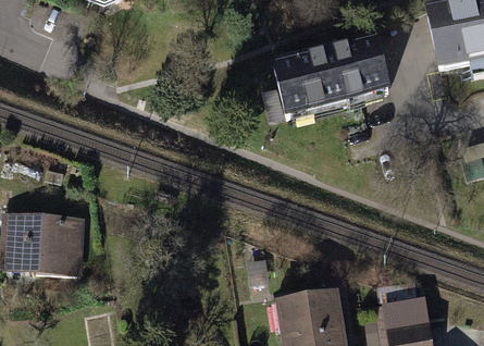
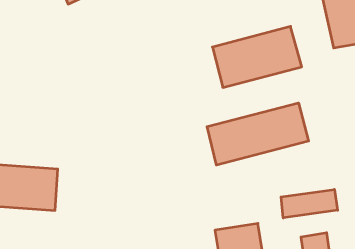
building: none -> [207,103,309,165]
building: none -> [281,189,338,218]

